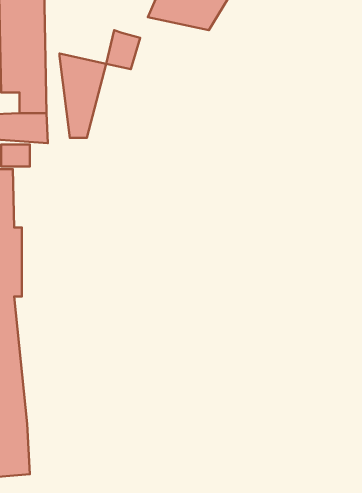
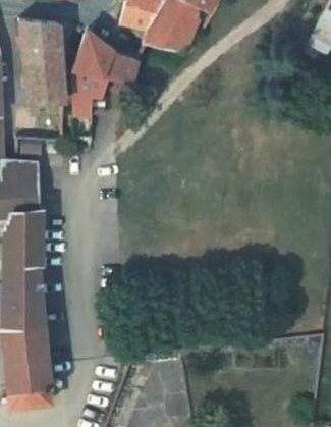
building: none -> [70,33,113,77]

